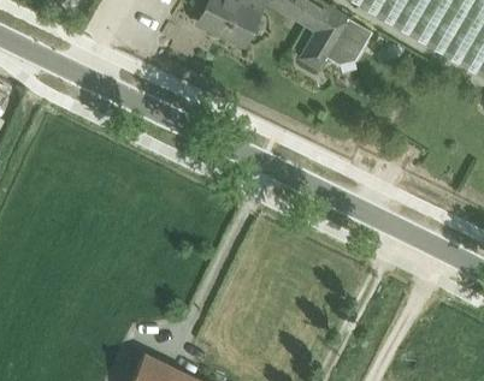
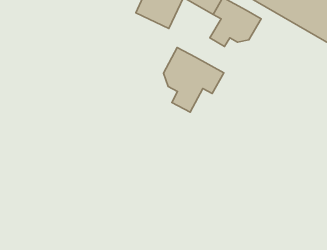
building: none -> [164,47,224,112]

